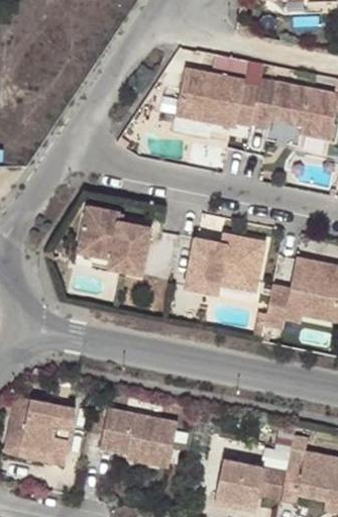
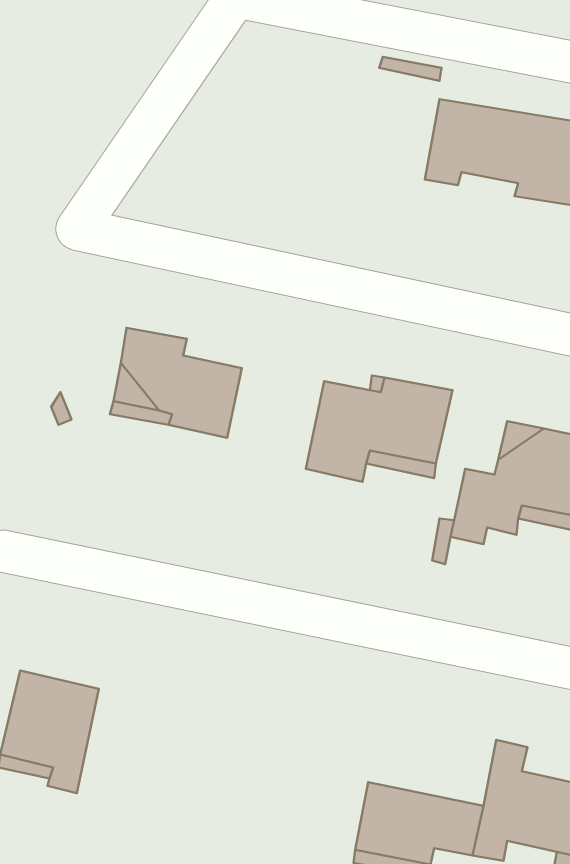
building: [178,70,258,126] -> none
building: [98,408,176,468] -> none

